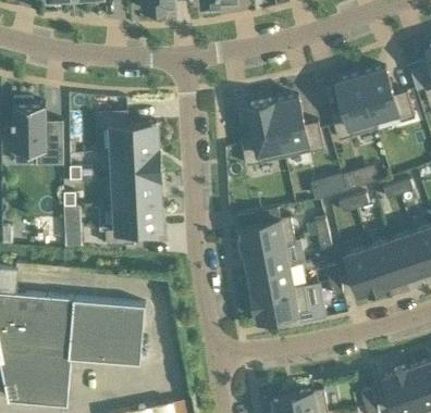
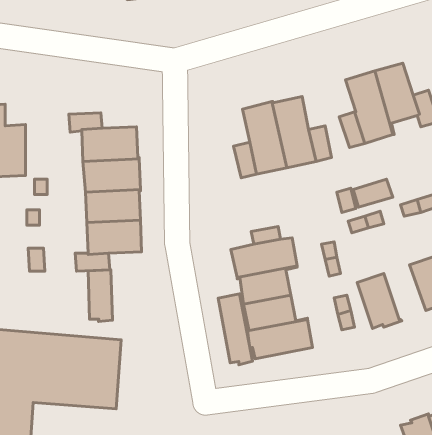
building: [368,241,404,288] -> none
building: none -> [88,270,113,321]
building: none -> [218,294,252,365]

